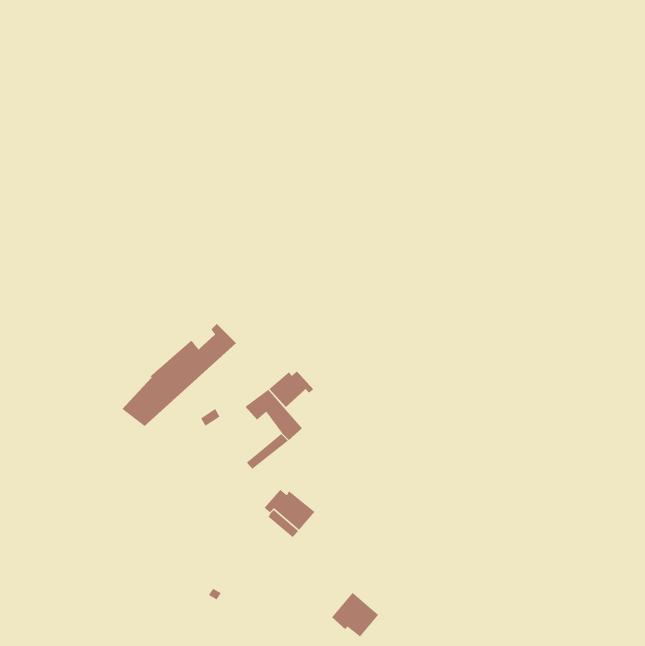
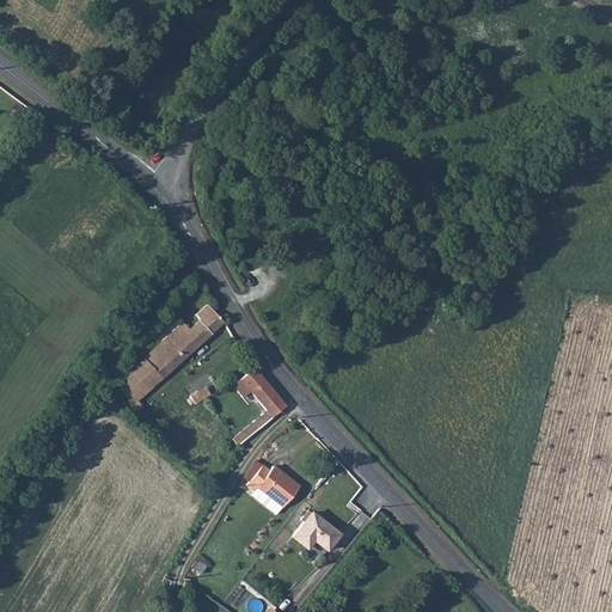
building: [269,371,314,408] -> none
building: [331,592,379,638] -> [295,512,341,555]

